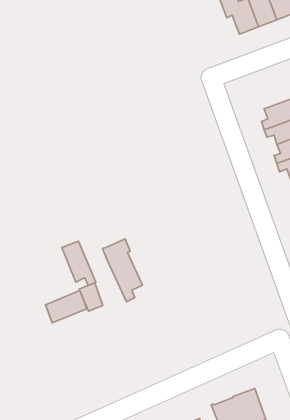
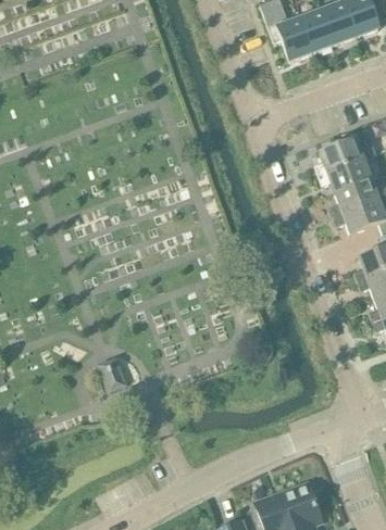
building: [102,239,143,302] -> none
building: [62,241,96,285] -> none
building: [45,291,87,323] -> none

